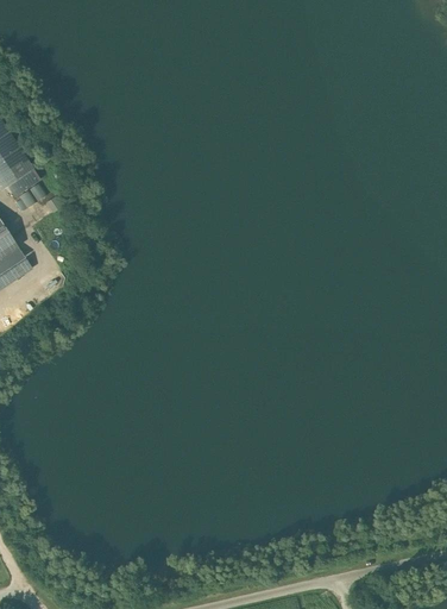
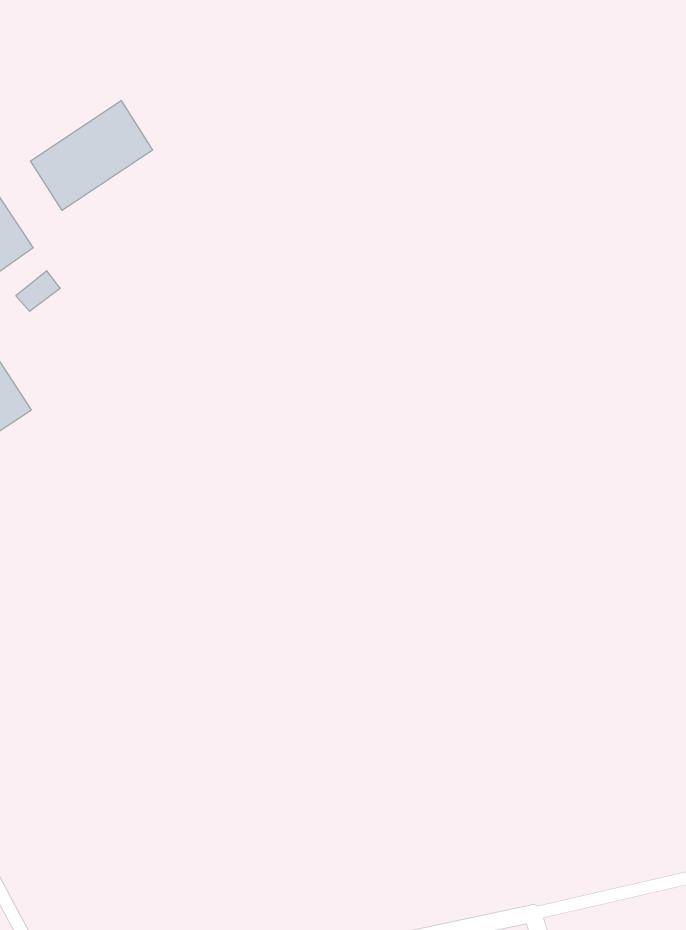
building: none -> [31,100,153,210]

